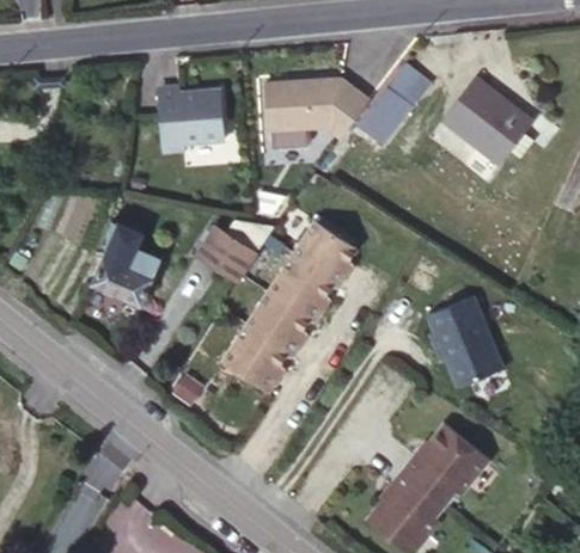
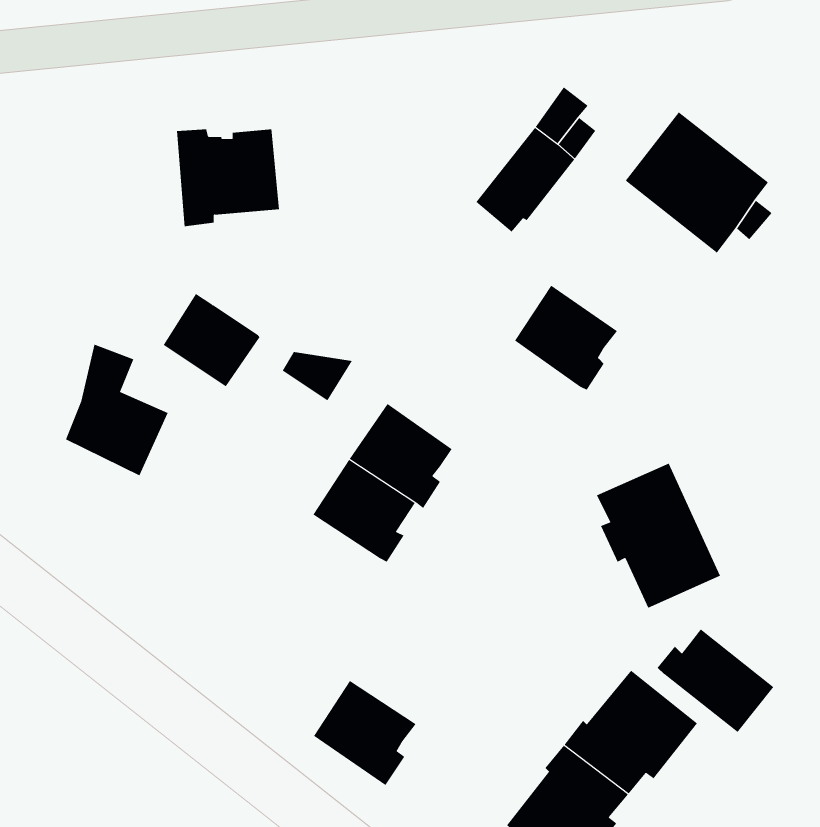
building: [264,76,368,136] -> none
building: [293,223,358,289] -> [514,285,618,391]
building: [196,231,257,289] -> [163,293,261,387]
building: [224,327,288,393] -> [313,680,417,786]
building: none -> [657,629,774,733]

